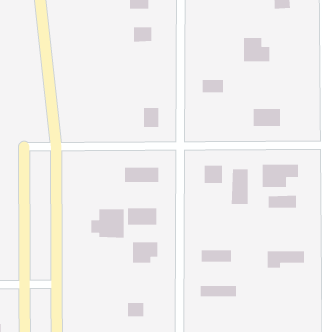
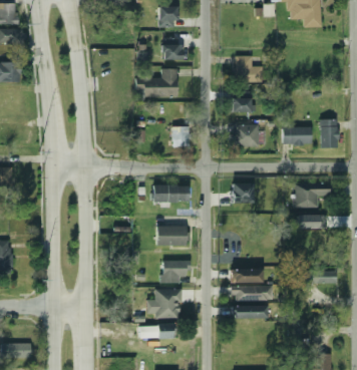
building: [243,37,270,62] -> [235,57,262,82]
building: none -> [144,69,178,98]
building: none -> [322,119,339,147]
building: none -> [232,124,254,146]
building: [231,169,249,205] -> none
building: [90,209,124,239] -> [148,289,183,319]
building: none -> [232,286,273,302]

